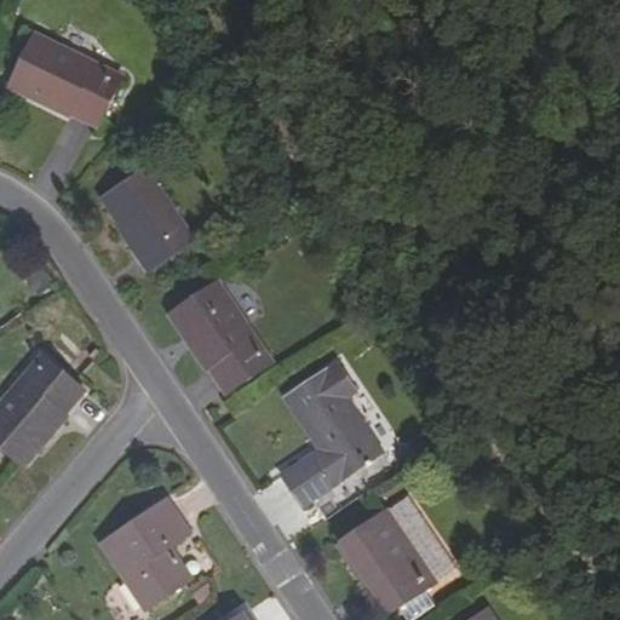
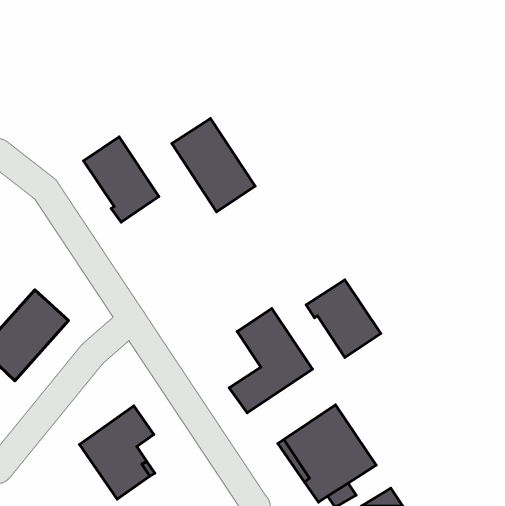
building: [7,31,120,124] -> none
building: [173,282,275,396] -> [172,119,255,212]
building: none -> [306,280,381,357]

